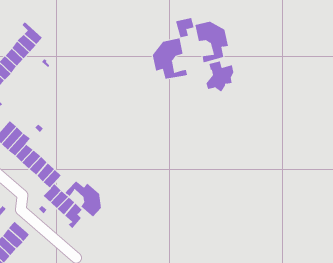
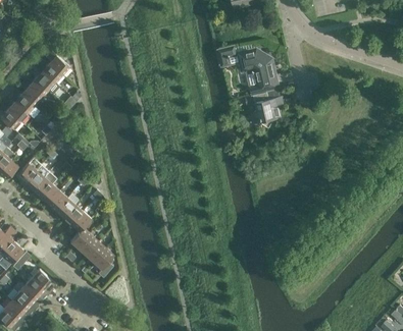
building: [152,38,188,80] -> none
building: [64,180,101,218] -> none

